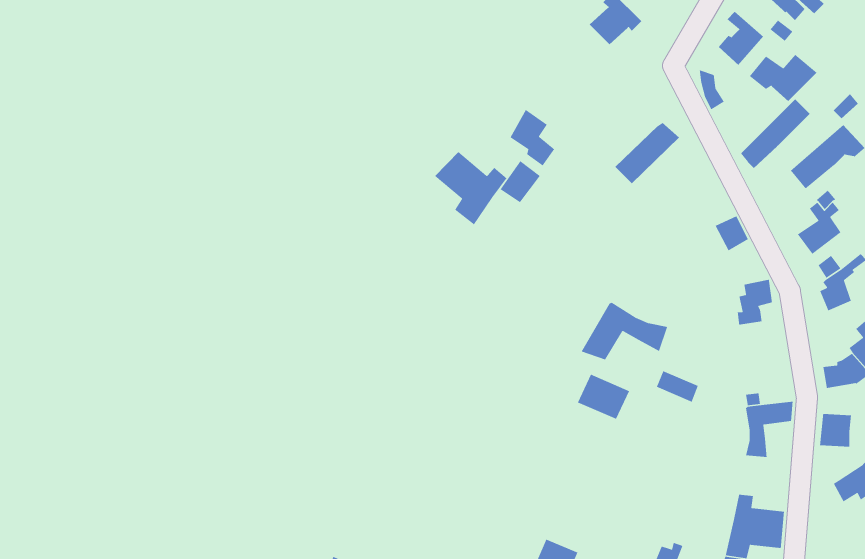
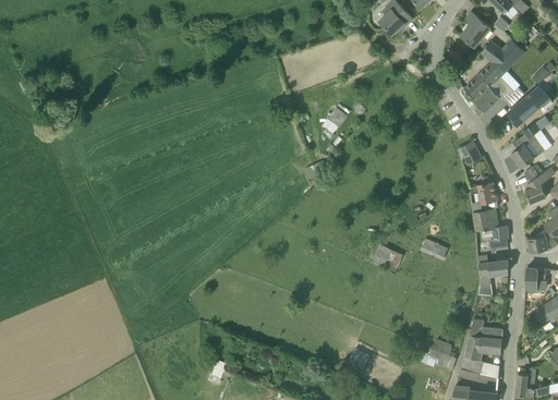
building: [509,109,555,167] -> none
building: [614,122,680,184] -> [464,60,506,99]
building: [434,151,508,226] -> none
building: [581,302,668,360] -> none
building: none -> [474,208,508,249]

